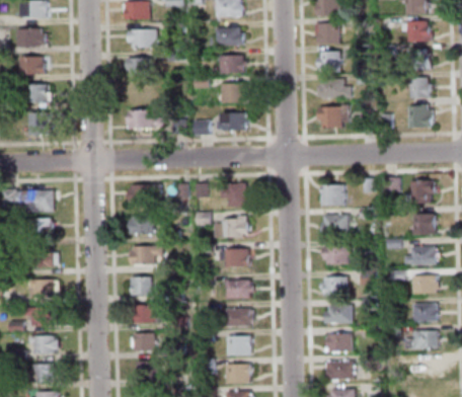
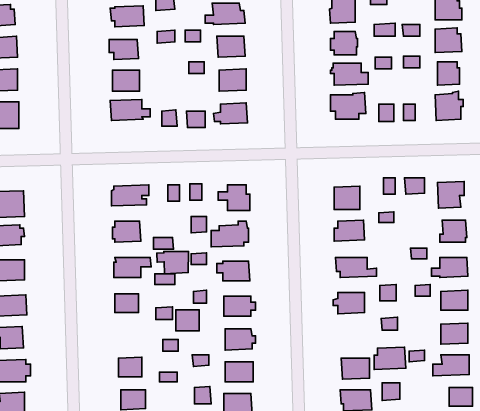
building: none -> [157,251,188,274]
building: [135,305,155,323] -> [176,310,199,331]
building: [325,305,353,324] -> [374,347,406,369]

